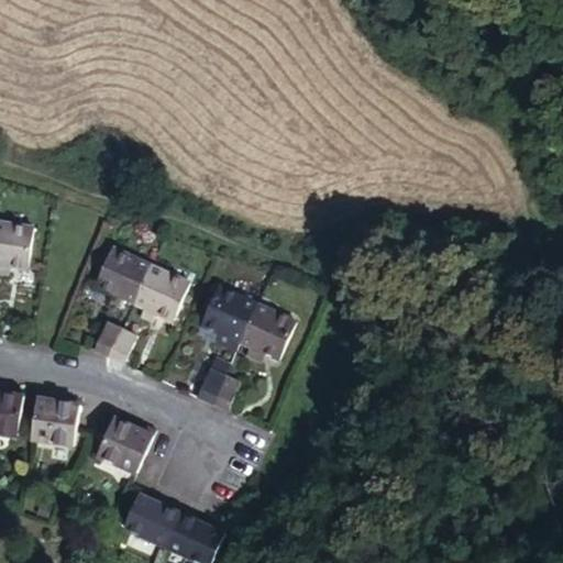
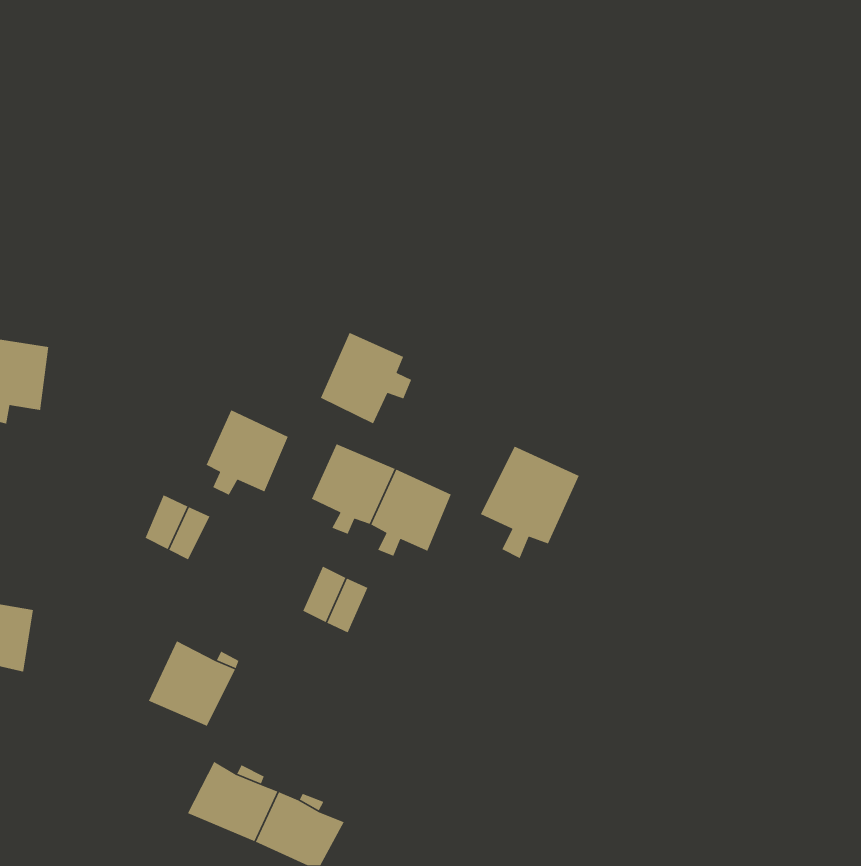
building: none -> [320,332,412,424]
building: [95,247,150,308] -> none
building: none -> [480,446,580,559]
building: [30,397,79,444] -> none

